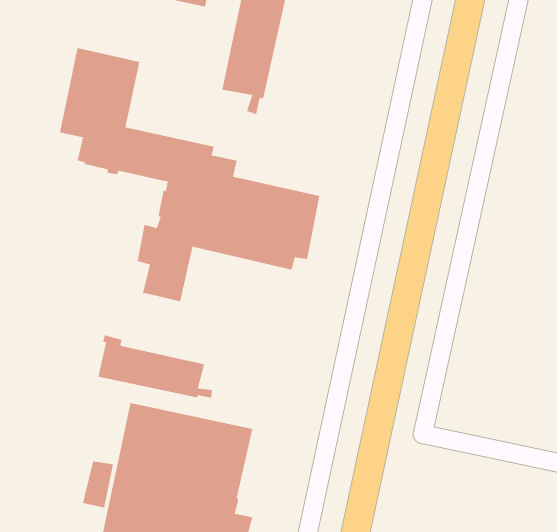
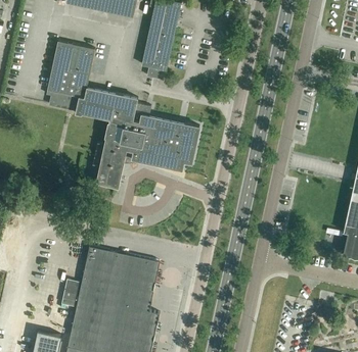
building: [98,335,213,399] -> none

